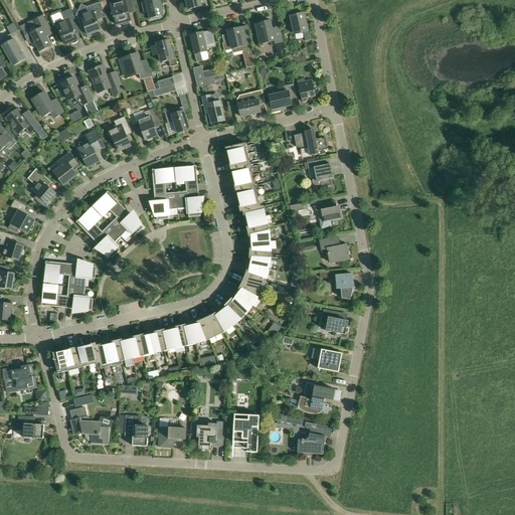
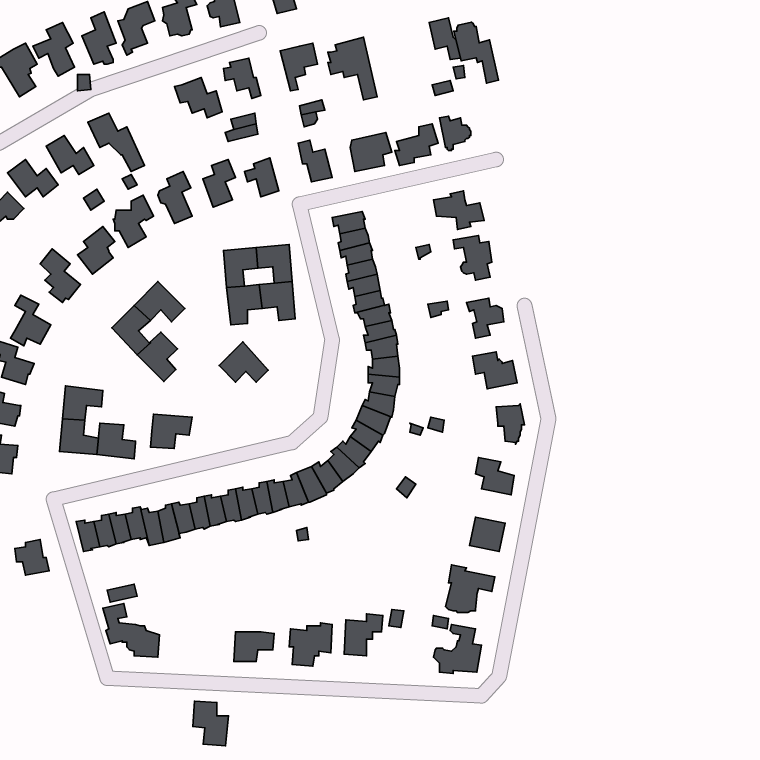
building: [254,17,285,58] -> [454,22,498,83]
building: [88,64,123,95] -> none
building: [109,208,142,235] -> [219,342,268,382]
building: [67,264,96,287] -> [150,414,192,449]
building: [17,415,43,438] -> none
building: [124,415,148,446] -> [193,701,229,746]

